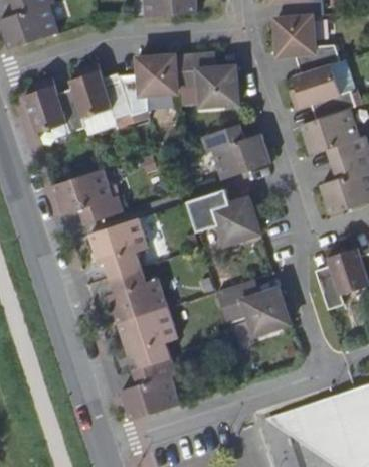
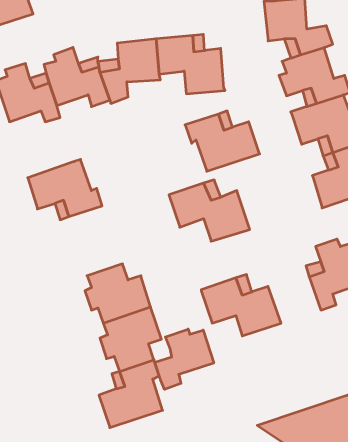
building: [93,217,150,278] -> none
building: none -> [155,329,214,389]

